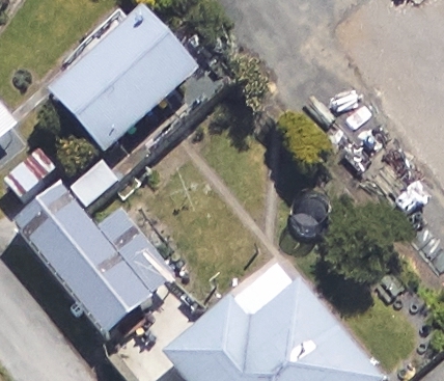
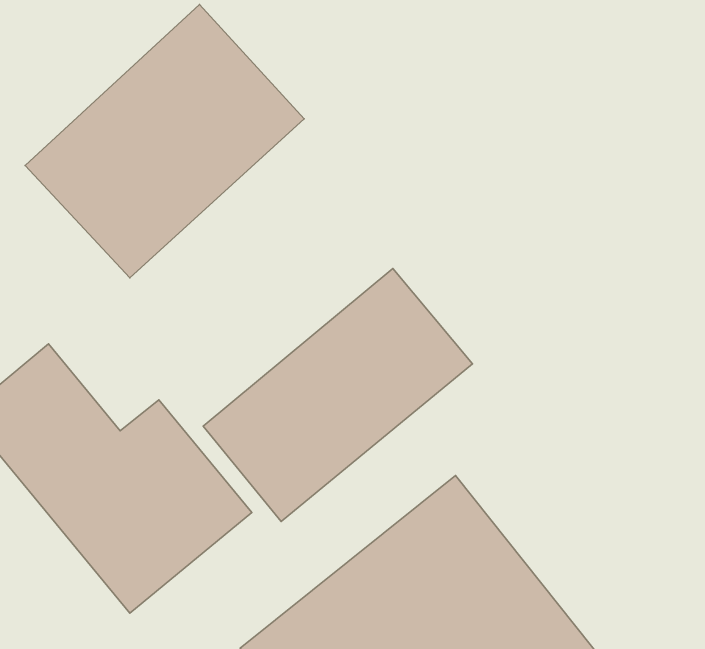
building: none -> [203,268,472,522]

